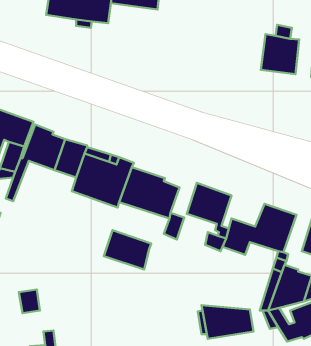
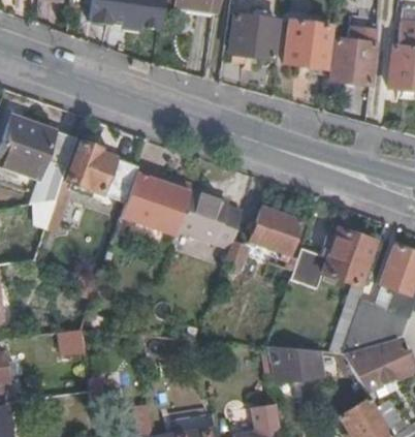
building: none -> [229,9,279,61]
building: none -> [284,15,332,69]
building: [104,230,151,269] -> none

